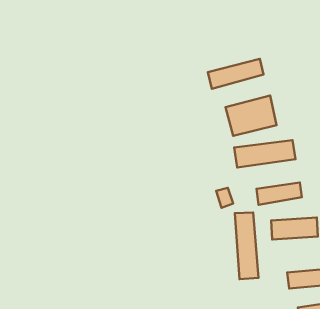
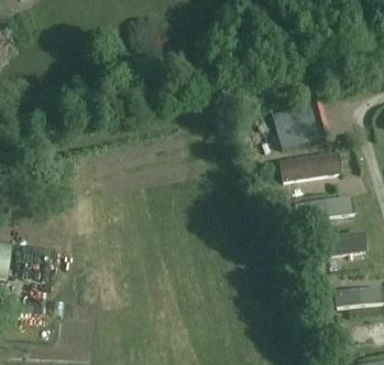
building: [208,59,264,89] -> none
building: [235,212,259,279] -> none

